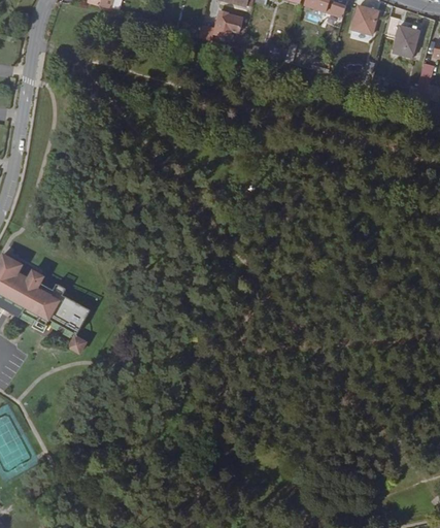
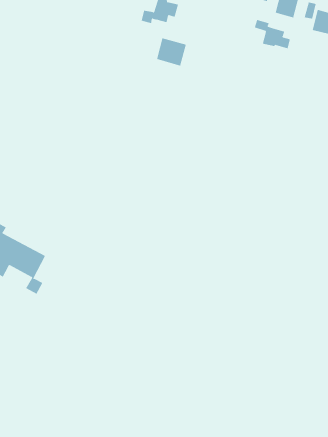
building: none -> [254,19,291,49]
building: none -> [156,37,186,67]

